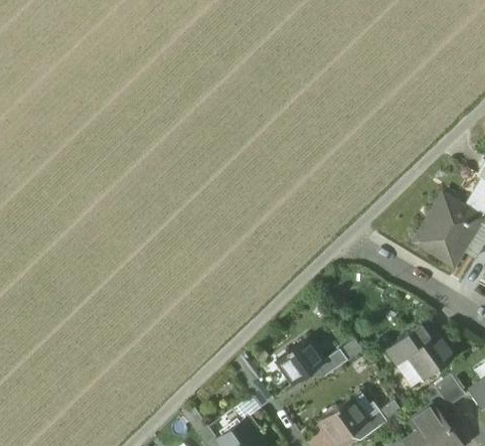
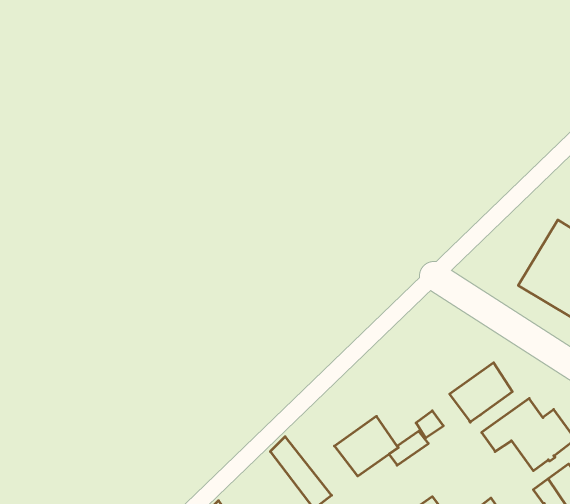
building: none -> [450,363,512,422]

